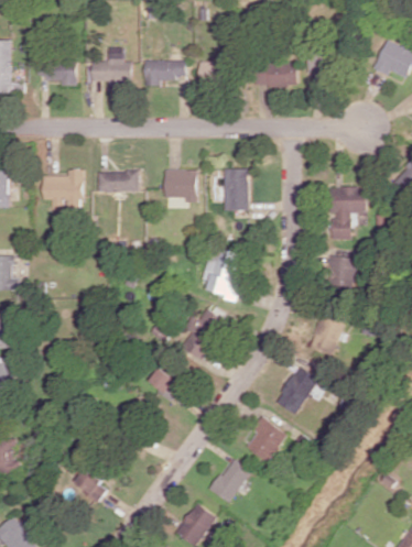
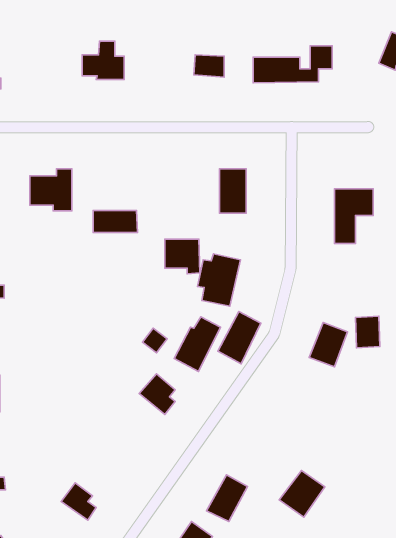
building: [143,59,184,85] -> none
building: [36,61,77,85] -> none
building: [163,169,196,203] -> [165,239,200,274]
building: [97,171,139,192] -> [93,210,138,233]
building: [329,256,353,286] -> [355,316,380,348]
building: [274,365,315,415] -> [218,312,261,364]
building: [242,418,285,462] -> [279,471,325,517]

